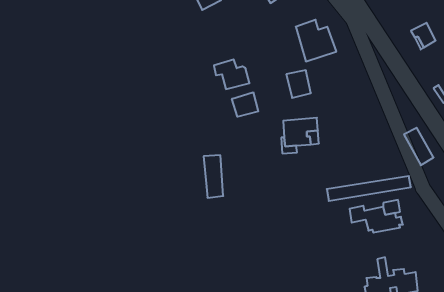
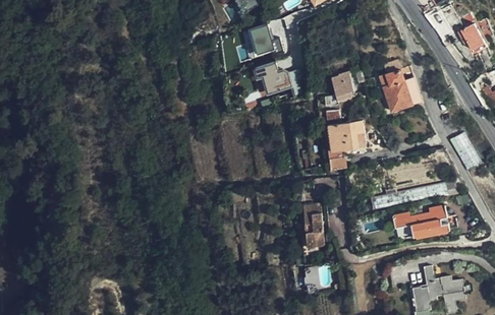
building: [296,20,336,61] -> [379,70,421,113]
building: none -> [251,24,283,55]
building: [232,92,258,117] -> none
building: [204,155,223,198] -> [304,202,324,246]

